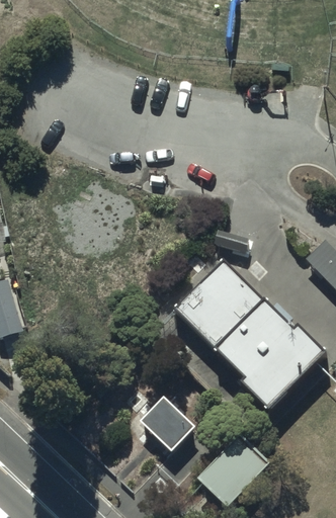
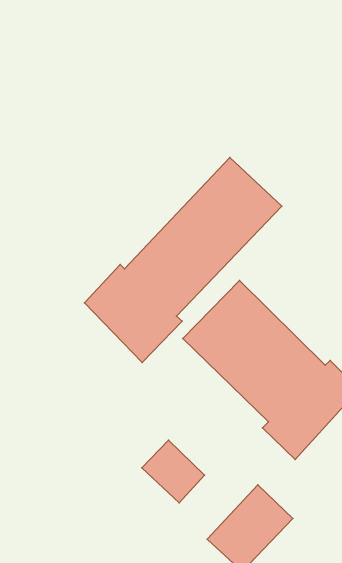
building: none -> [85,157,282,363]

